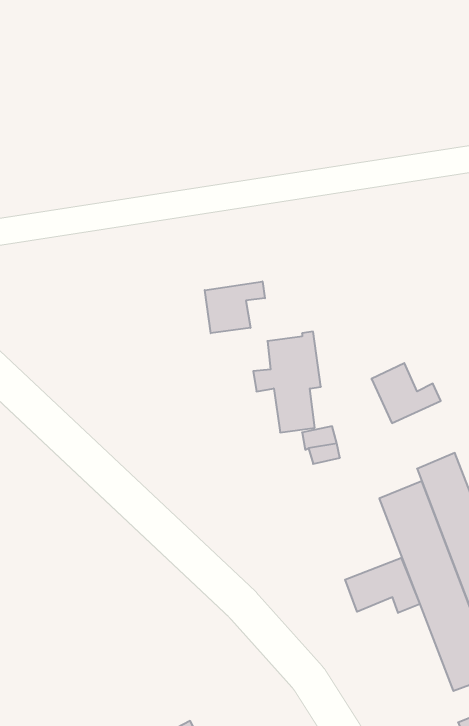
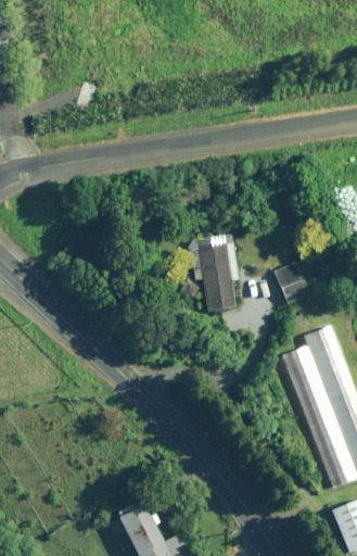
building: [205,281,265,333] -> none
building: [345,558,420,613] -> none

